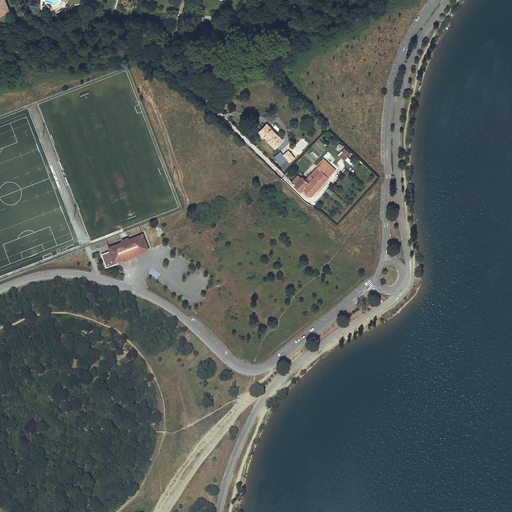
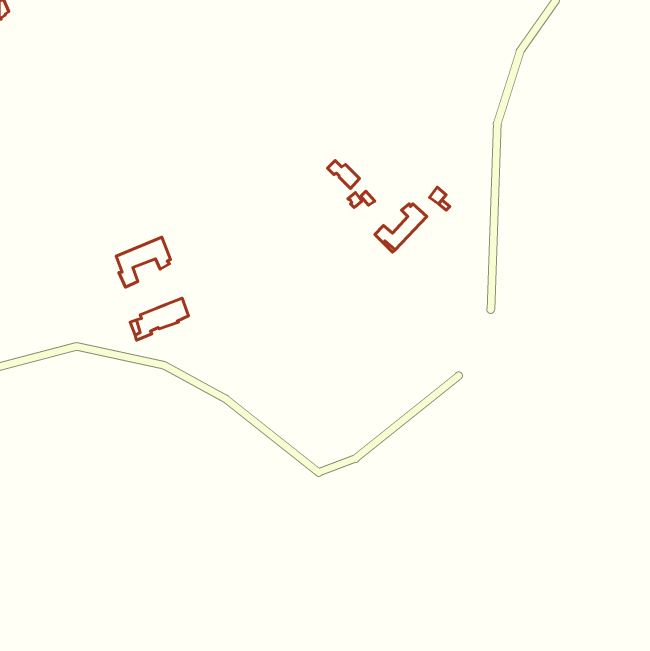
building: none -> [116,237,171,287]

